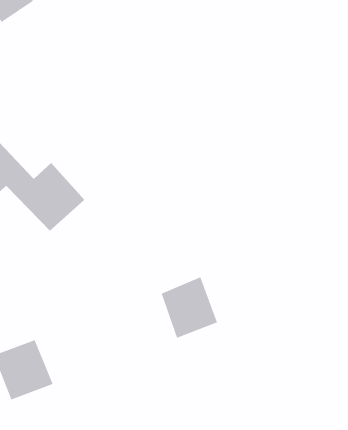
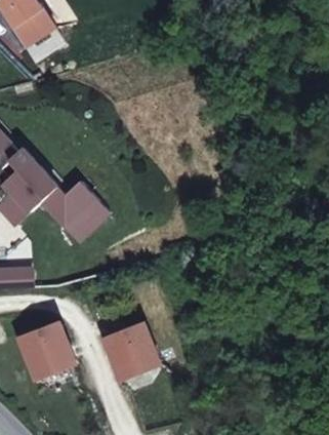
building: [161,276,218,338] -> [109,326,157,379]

